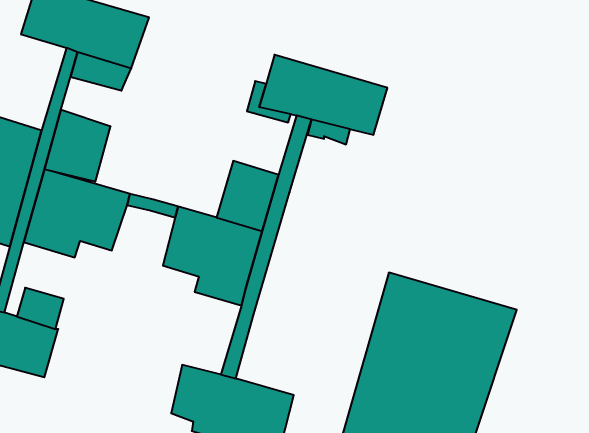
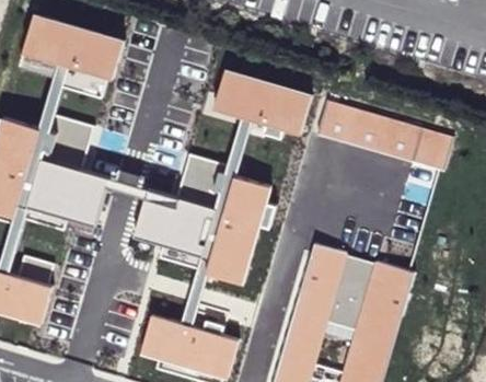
building: none -> [315,99,455,171]
building: none -> [207,178,277,286]

